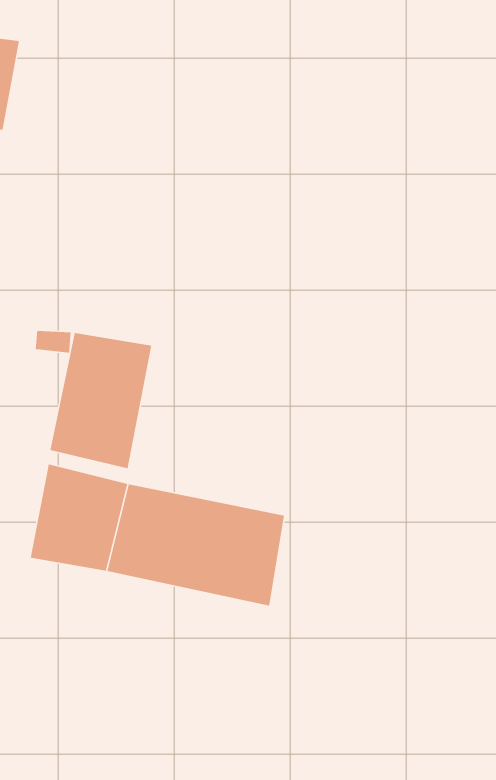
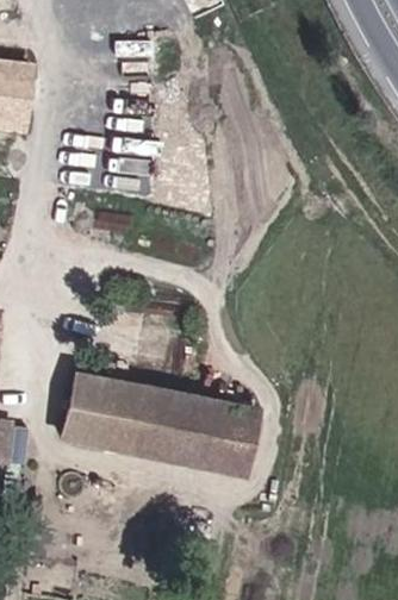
building: [50,332,152,469] -> none

